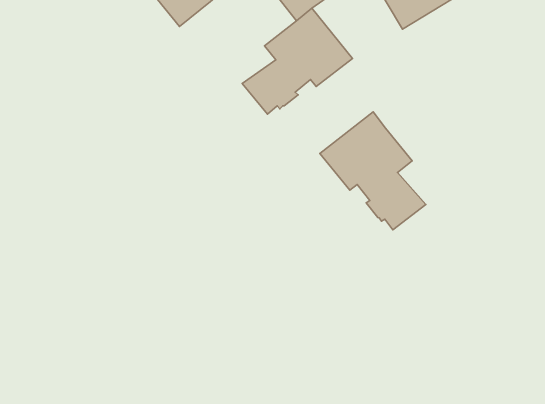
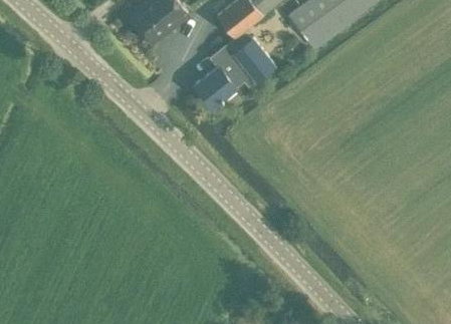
building: [320,112,426,230] -> none

